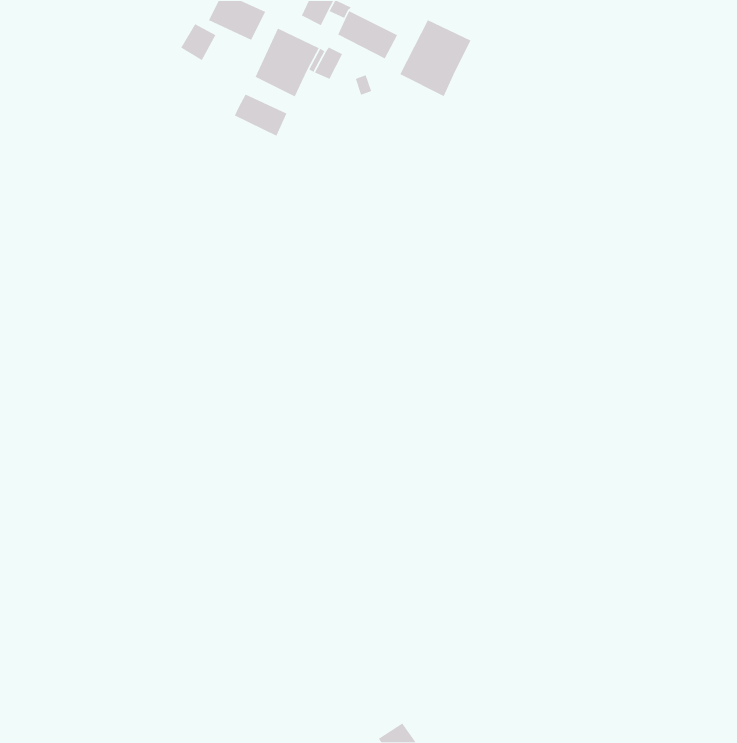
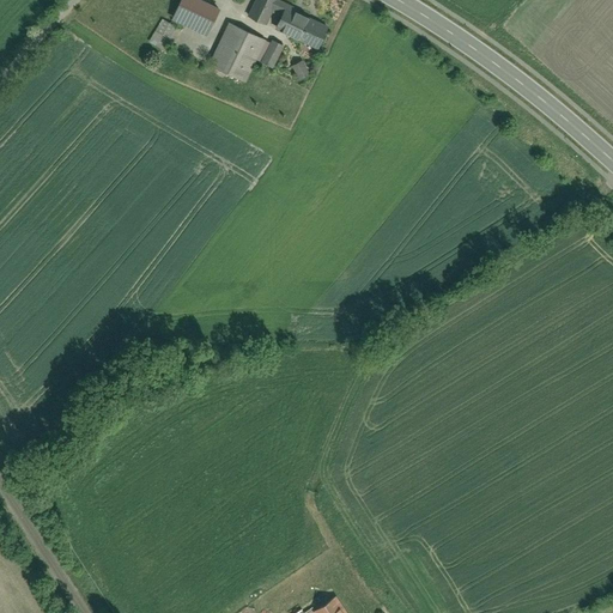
building: [399,19,472,97] -> none
building: [234,94,287,137] -> none

